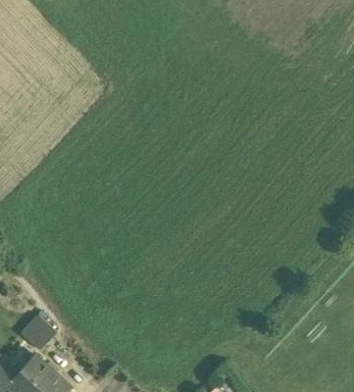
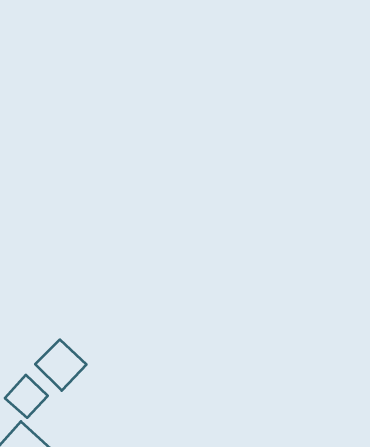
building: none -> [35,340,86,391]

